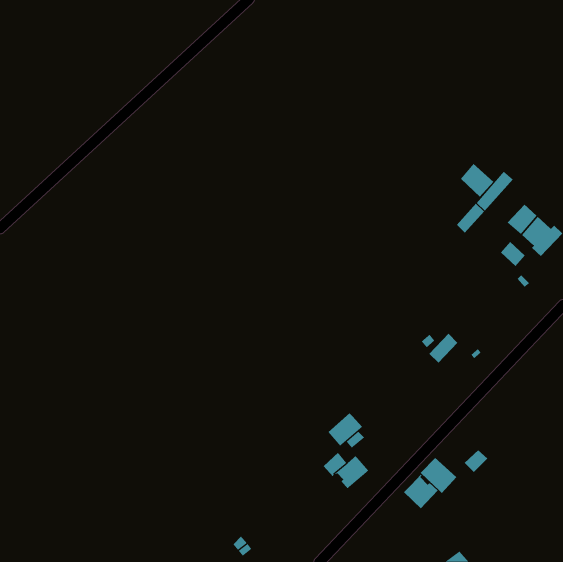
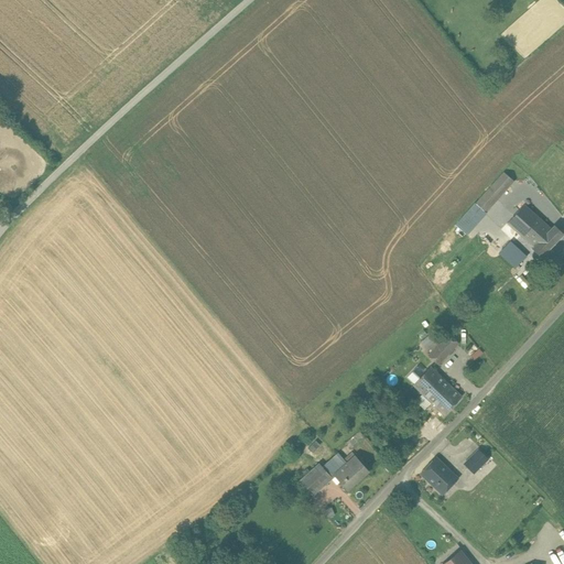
building: [460,163,494,197] -> none
building: none -> [413,366,462,414]
building: [328,412,363,447] -> [297,463,333,497]
building: [403,474,438,509] -> none

